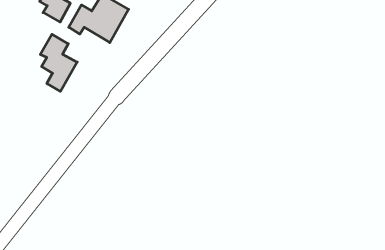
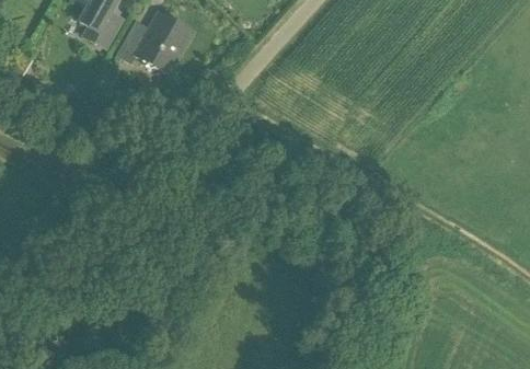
building: [40,34,77,91] -> none

